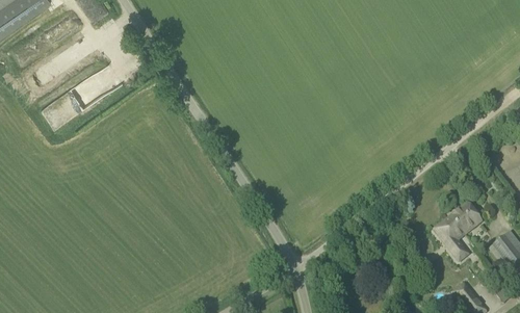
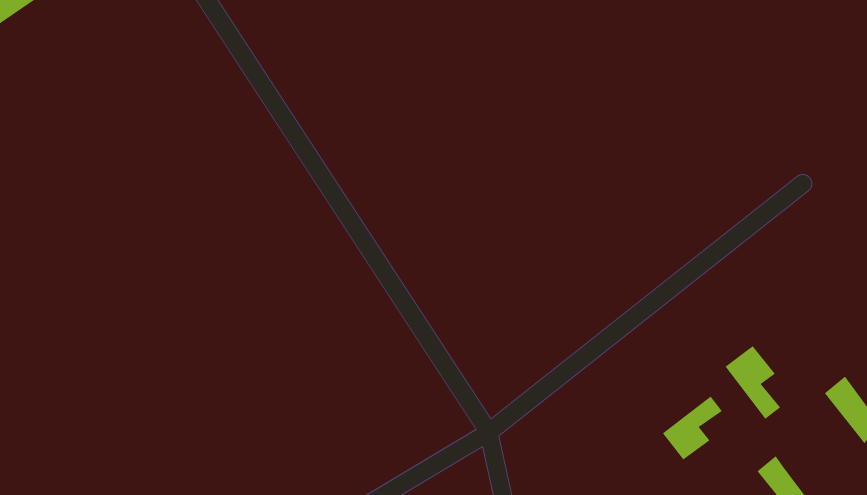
building: [450,202,480,232] -> none
building: none -> [662,395,723,460]

